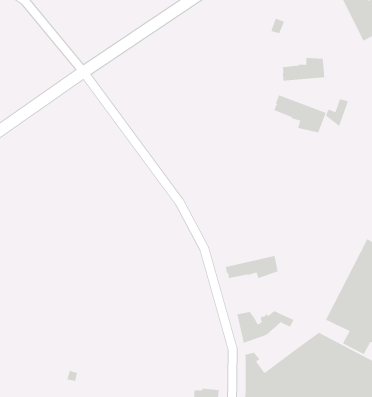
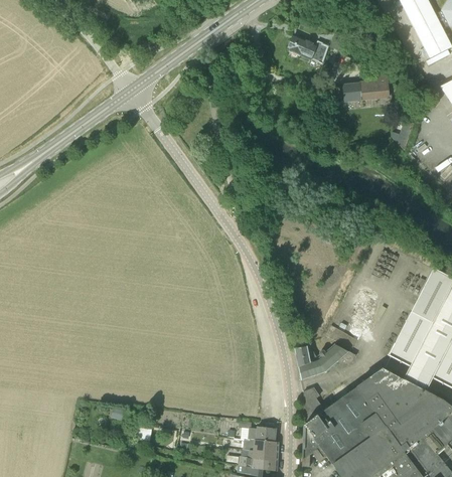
building: none -> [289,36,325,62]
building: [273,95,326,133] -> none
building: [225,255,278,279] -> none

